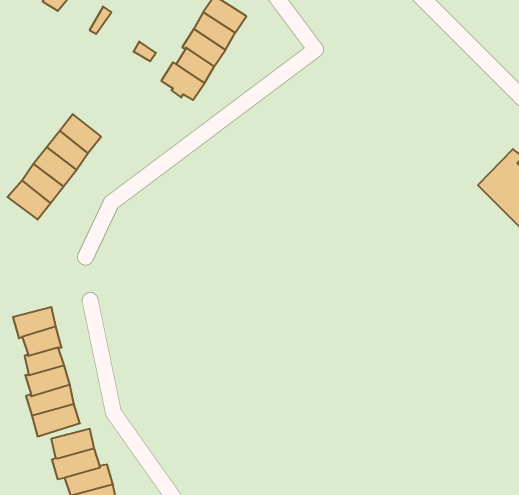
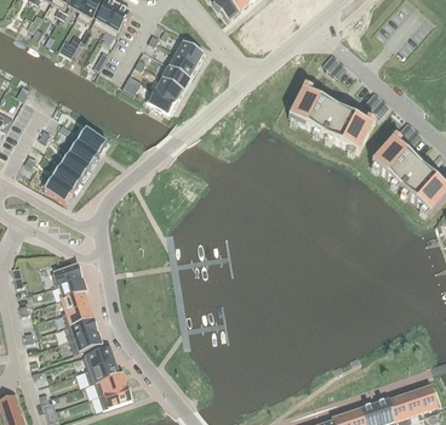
building: none -> [287,85,374,153]

